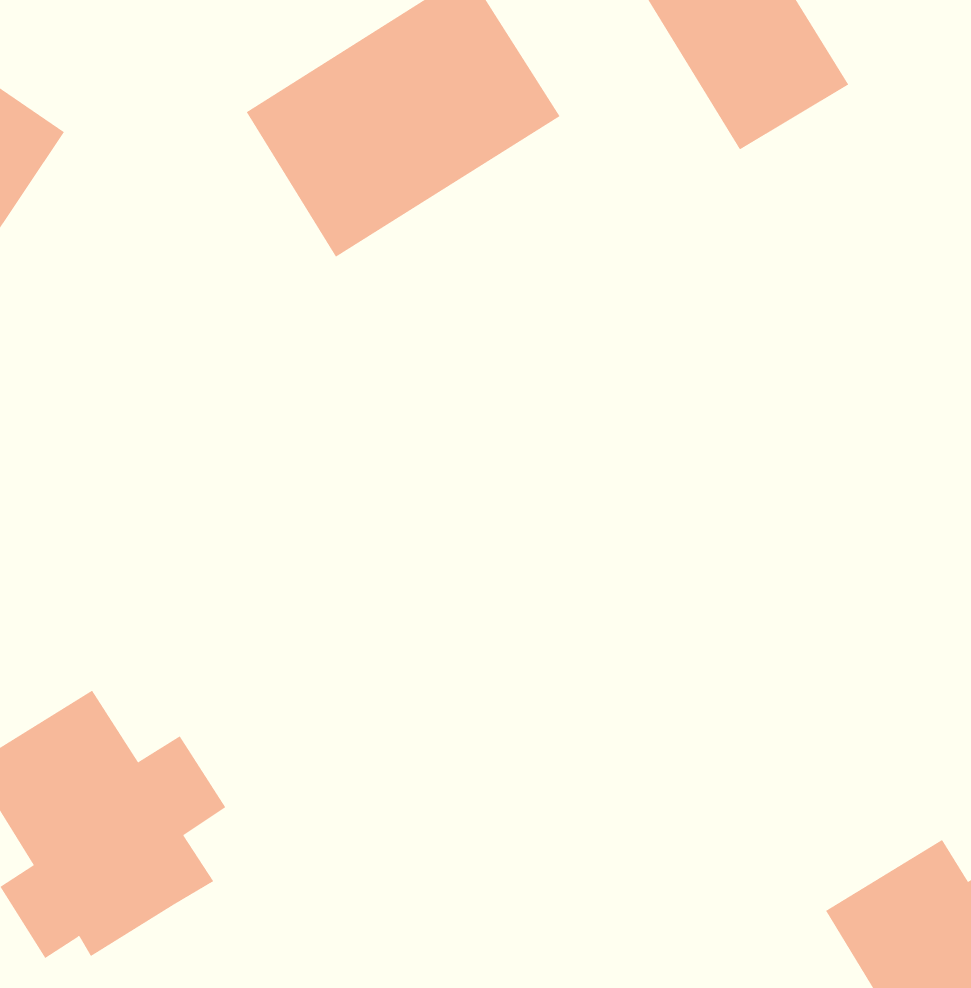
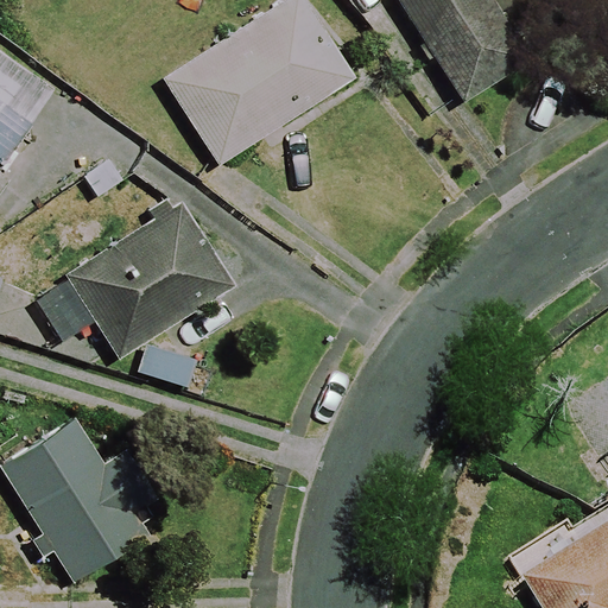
building: none -> [65,202,233,359]

